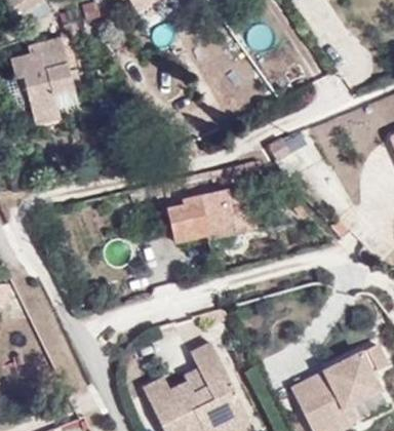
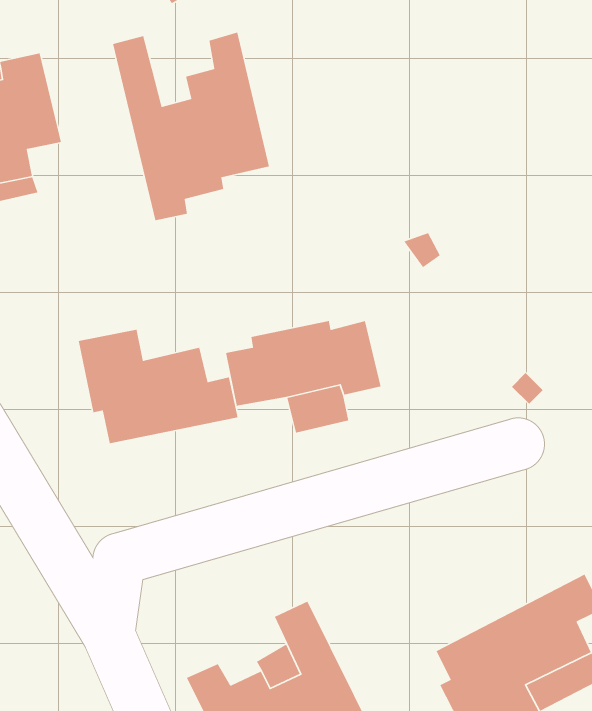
building: none -> [112,31,270,221]
building: none -> [78,329,239,444]

